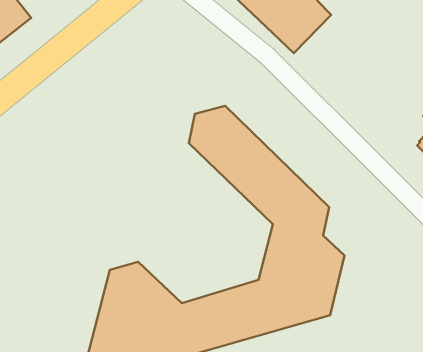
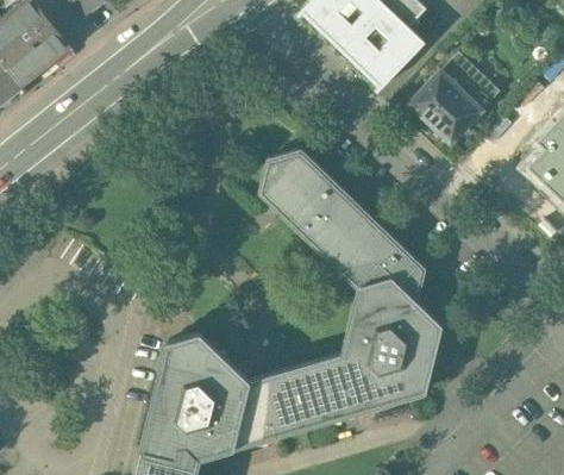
building: none -> [411,54,496,140]

